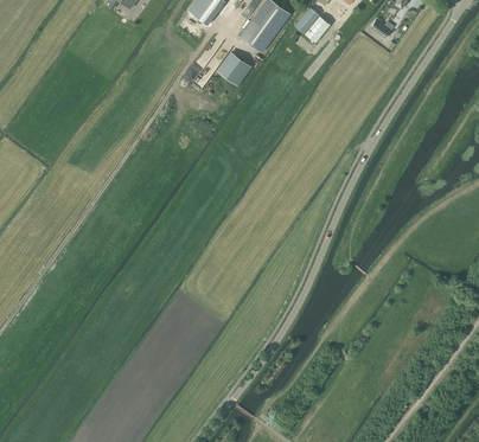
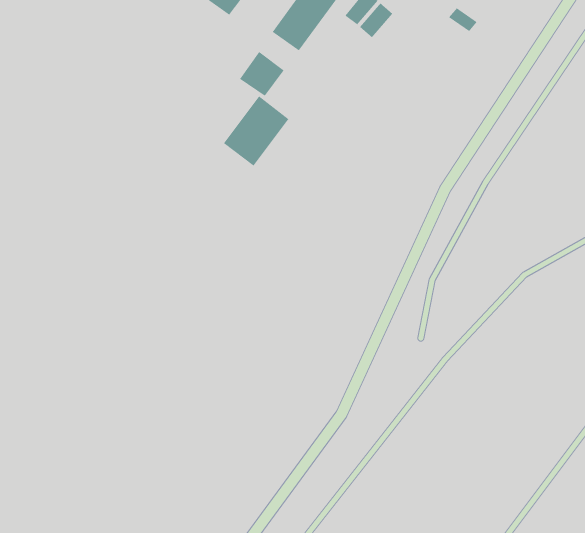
building: none -> [223,96,289,167]

